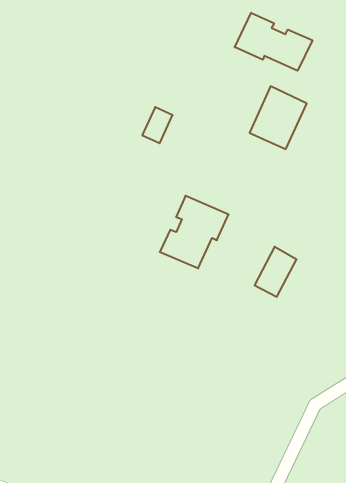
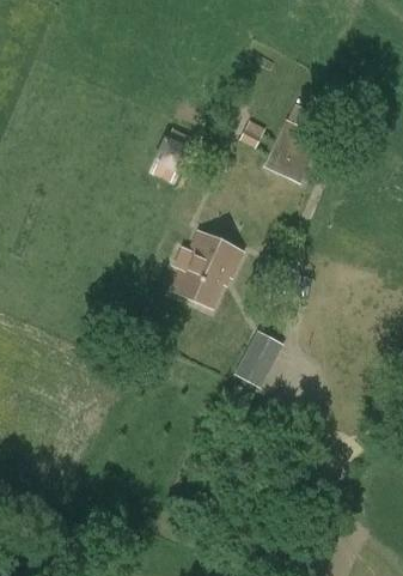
building: [235,13,312,71] -> none
building: [255,247,297,297] -> [238,333,281,384]

